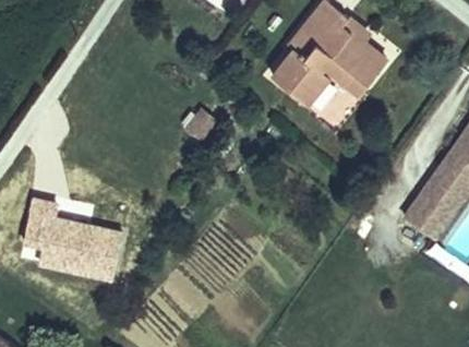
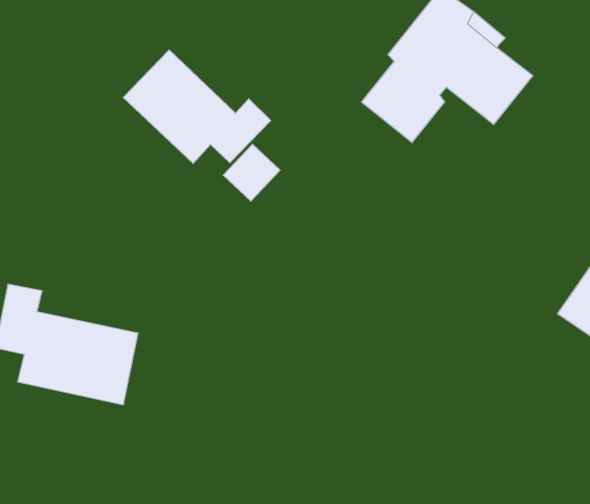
building: none -> [123,50,271,164]

